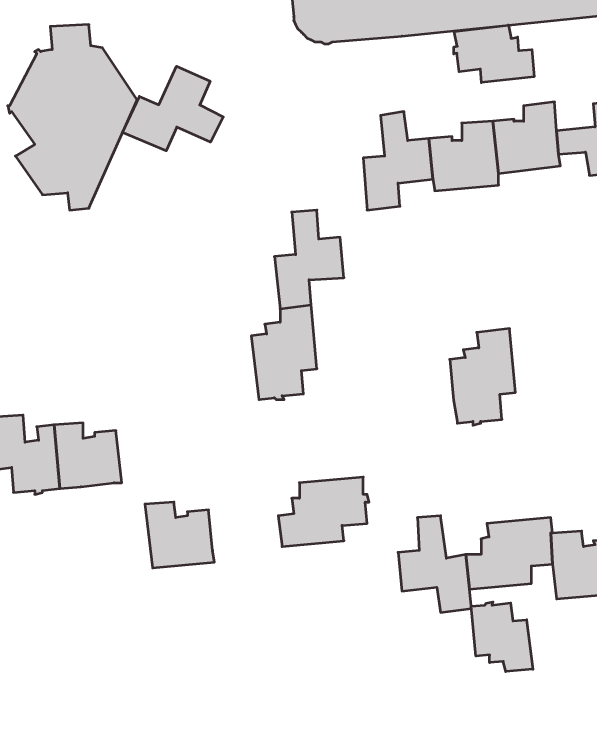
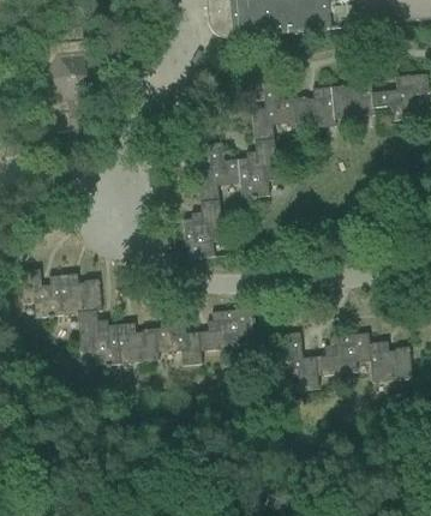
building: [454,25,534,83] -> none
building: [123,66,223,151] -> none
building: [450,329,515,425] -> [239,137,280,197]
building: none -> [157,305,204,362]
building: none -> [78,308,122,365]
building: [471,602,533,672] -> none

